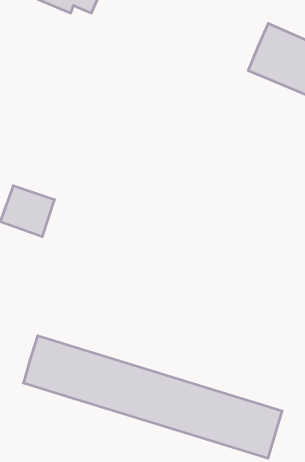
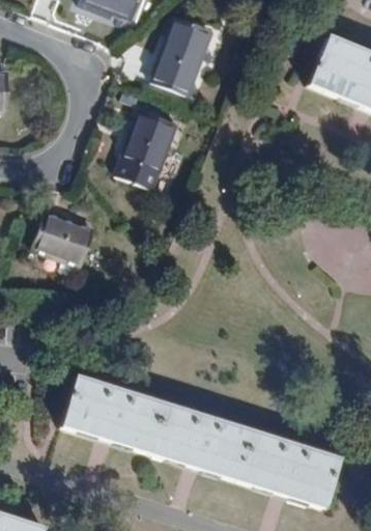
building: none -> [150,20,212,95]
building: none -> [114,108,177,188]

